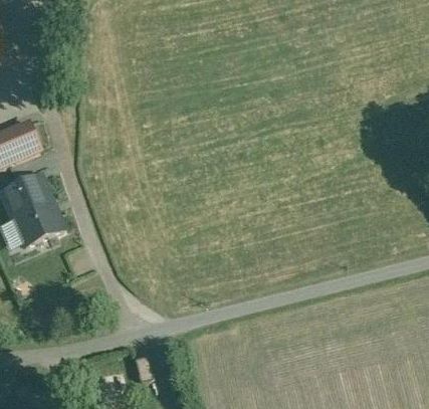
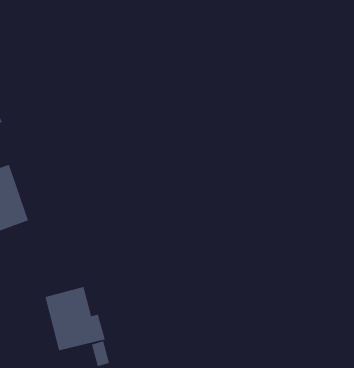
building: none -> [45,286,105,351]

